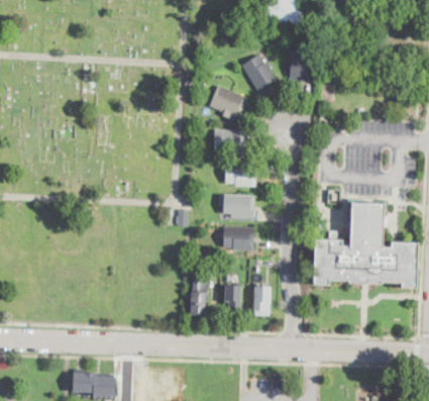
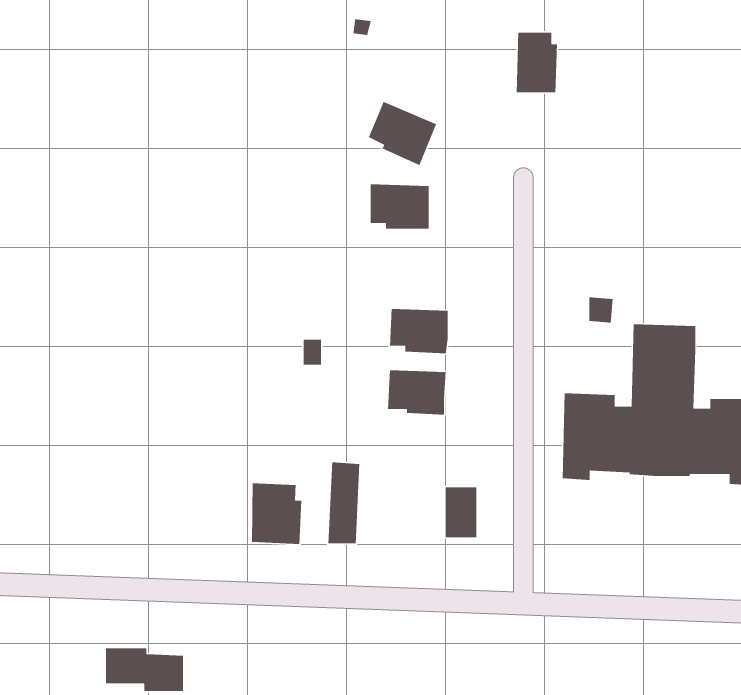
building: [240,54,276,90] -> none
building: [224,163,255,187] -> none
building: [223,285,239,309] -> none
building: none -> [251,482,302,545]

